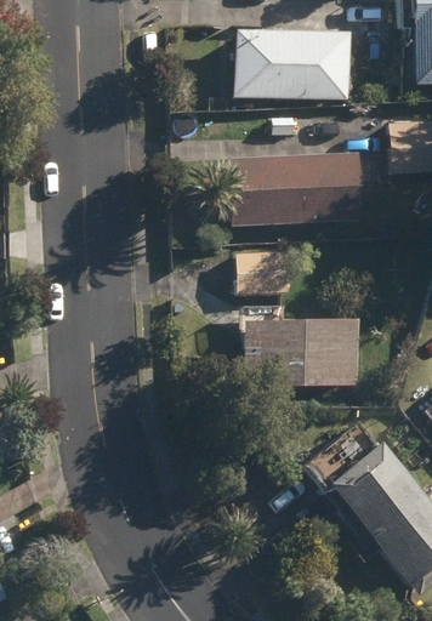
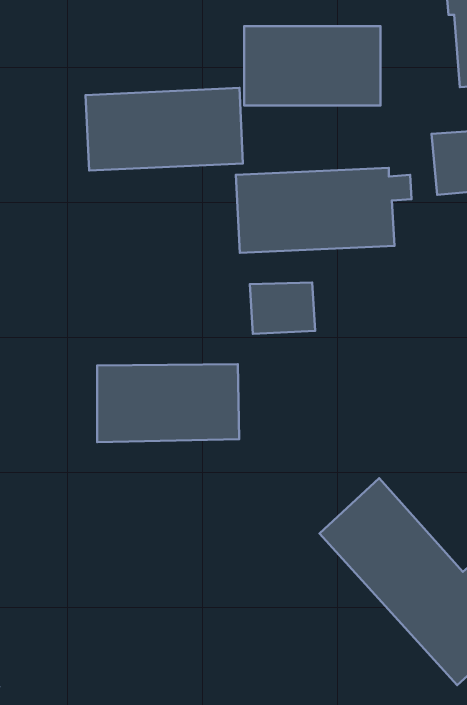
building: none -> [86,88,243,171]
building: [237,320,358,387] -> [97,364,239,442]

